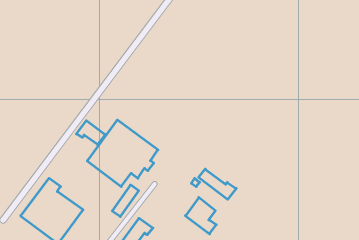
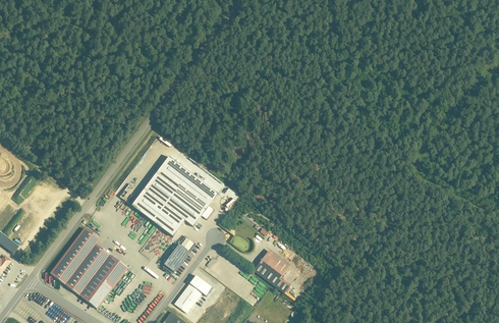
building: [76,121,105,144] -> none
building: [199,169,236,199] -> none

